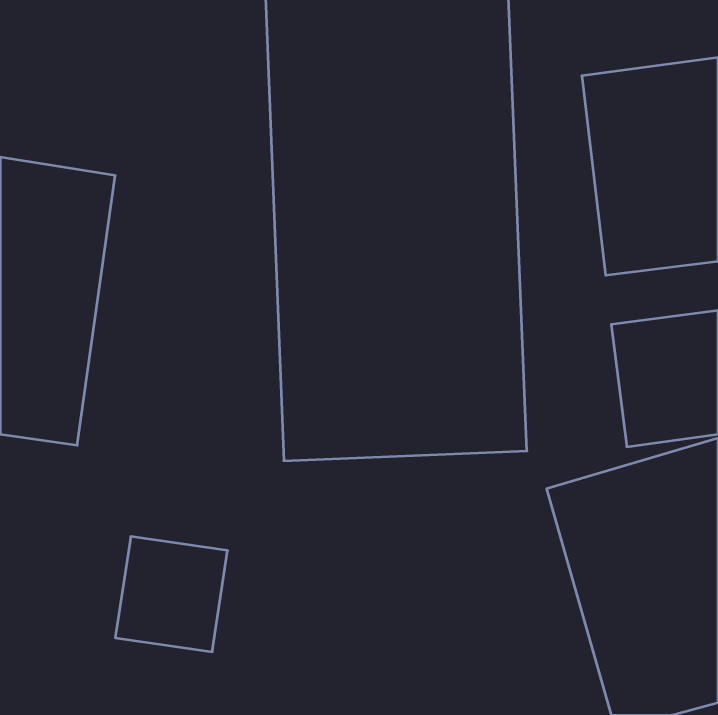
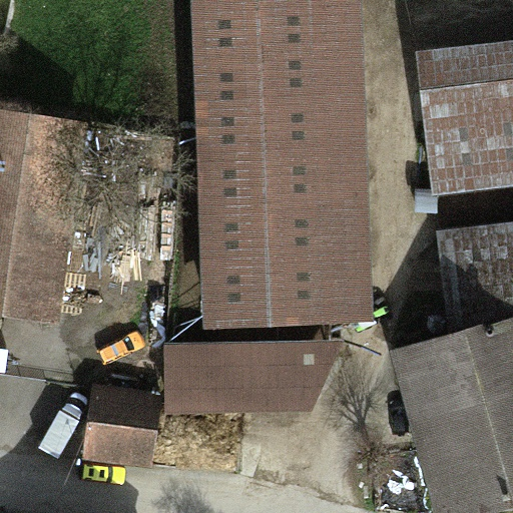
building: none -> [163,339,342,411]

